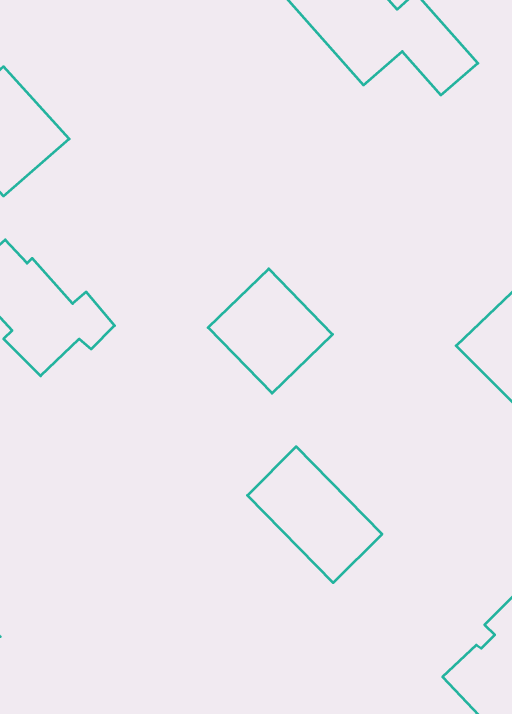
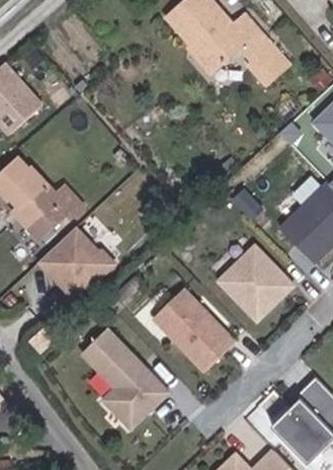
building: [208,269,333,393] -> [219,245,294,320]
building: none -> [31,235,102,305]
building: none -> [82,327,168,426]

